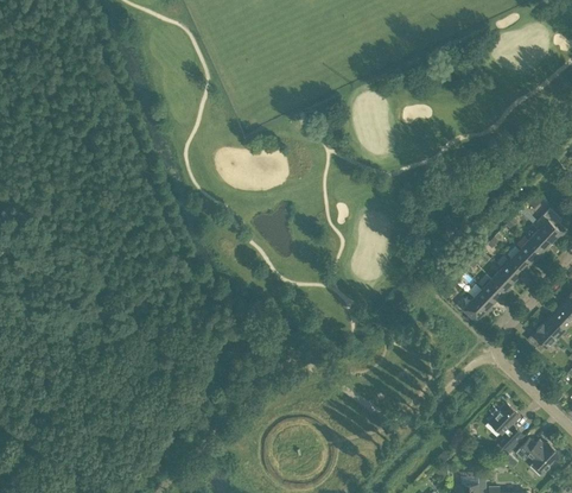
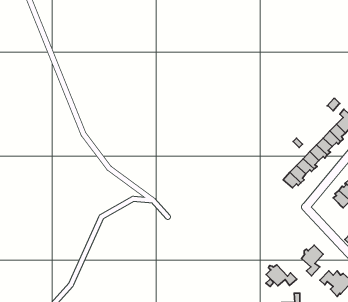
building: none -> [266,265,297,286]

